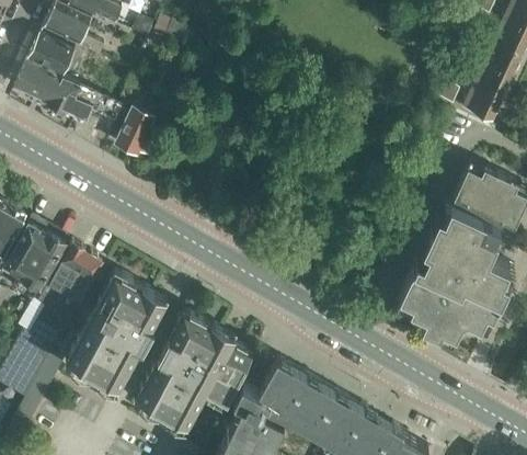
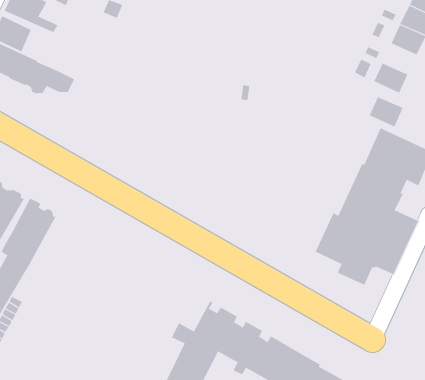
building: [472,67,512,102] -> [369,96,403,127]
building: [115,110,156,155] -> none
building: [68,272,167,386] -> none
building: [137,309,251,423] -> none

